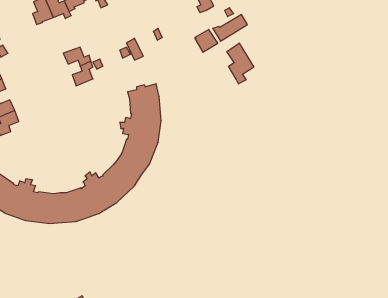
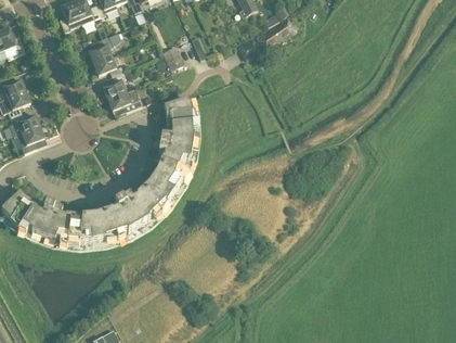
building: none -> [88,30,121,61]
building: [227,43,254,84] -> none
building: none -> [106,86,141,110]

